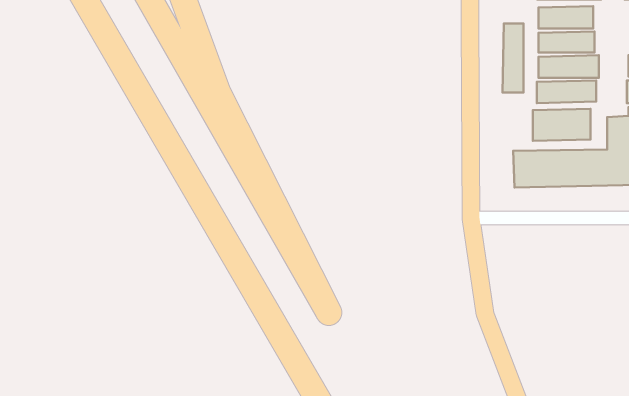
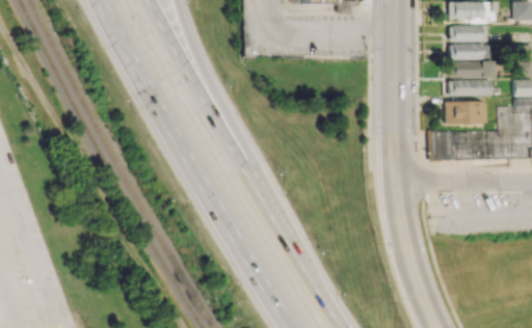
building: [503,23,523,92] -> none

